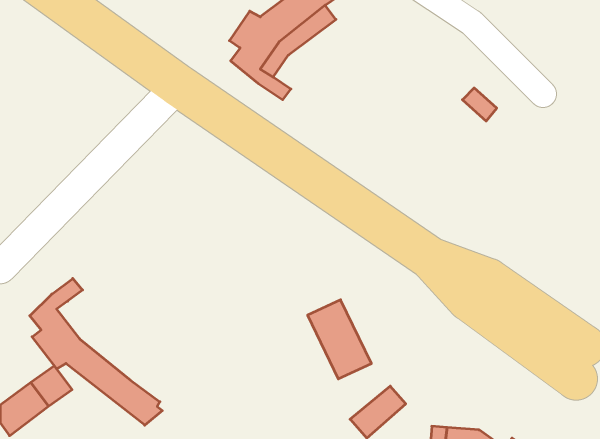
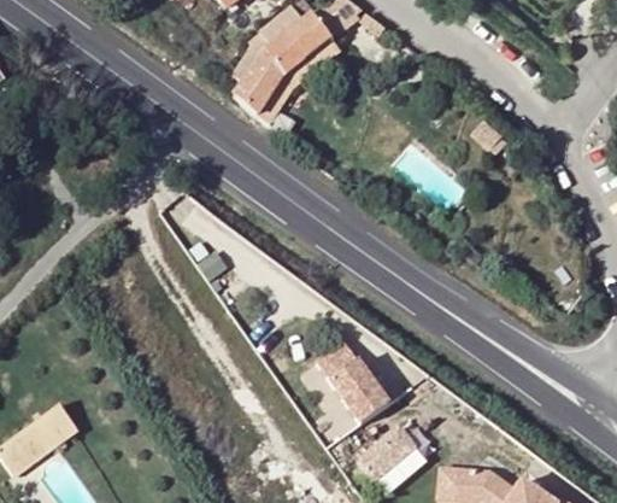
building: [30,278,162,425] -> none

